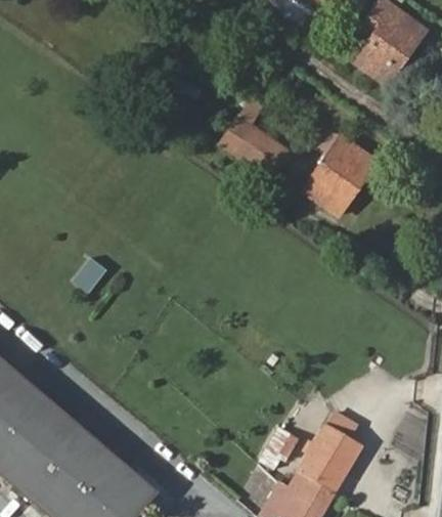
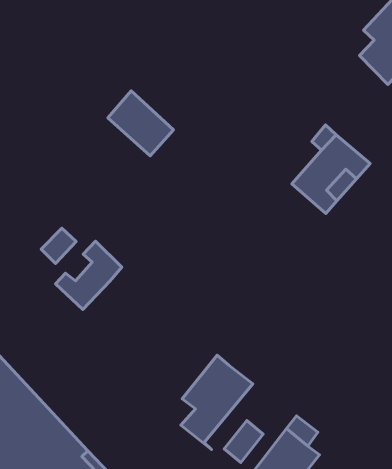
building: [222,118,286,178] -> [108,91,173,156]
building: none -> [56,241,122,310]
building: none -> [181,355,253,450]

